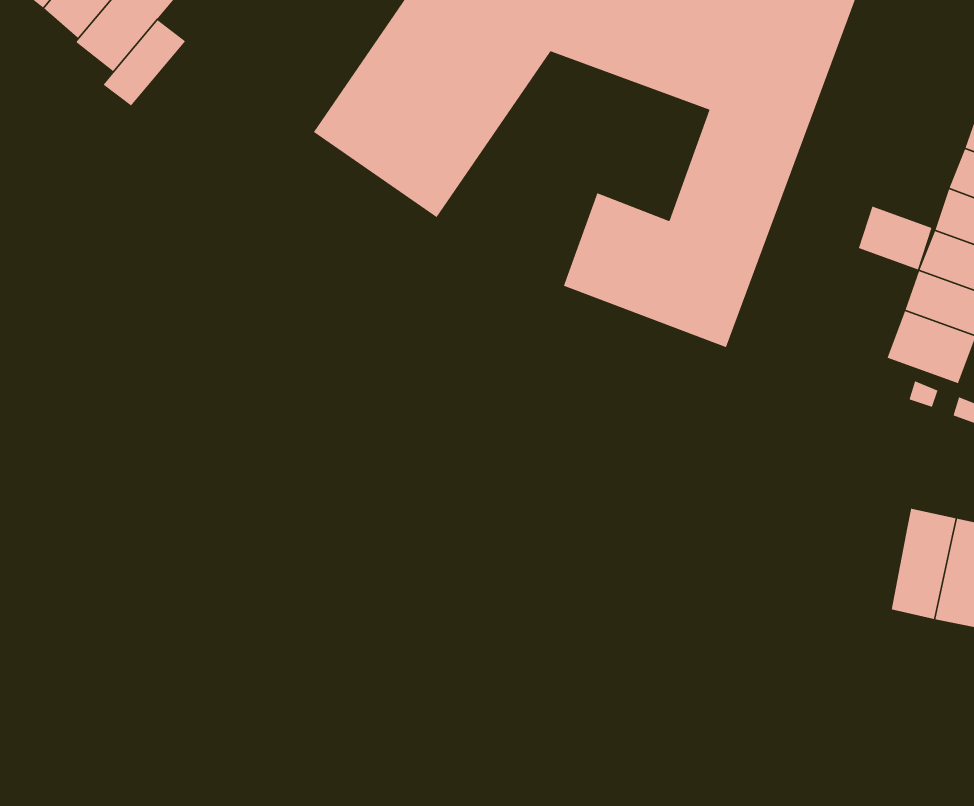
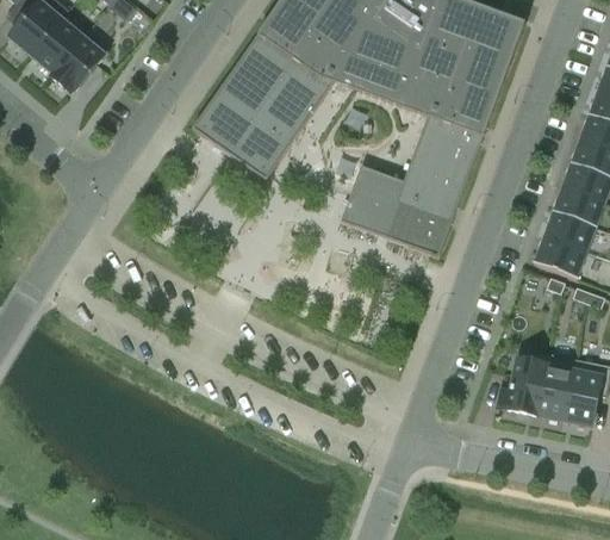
building: [103,19,186,107] -> none
building: [858,206,933,270] -> none
building: none -> [498,346,548,414]

